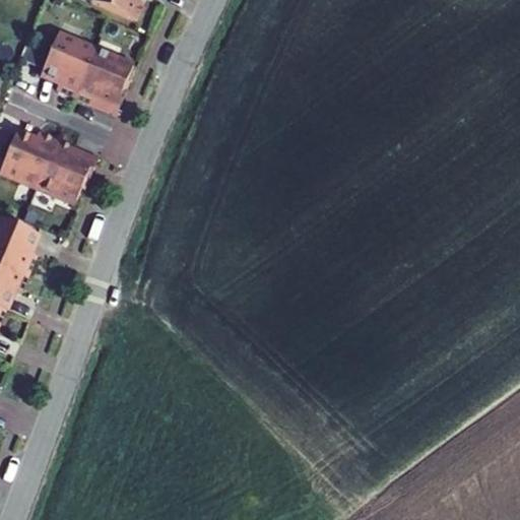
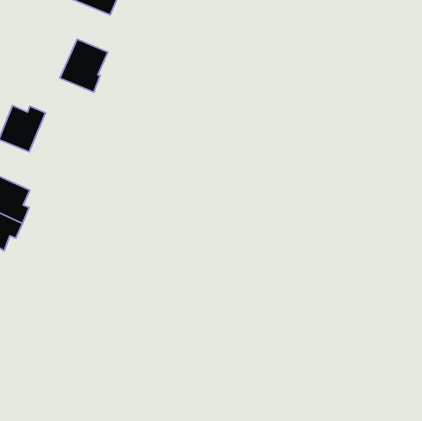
building: [40,31,94,95] -> none
building: [36,138,96,202] -> none

